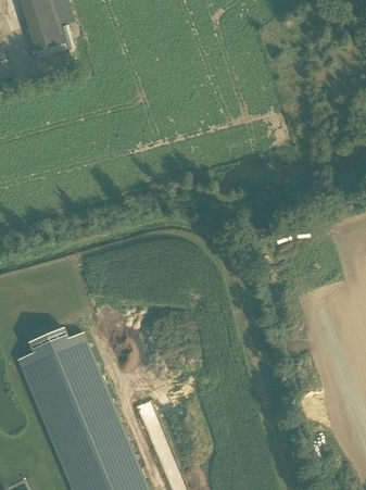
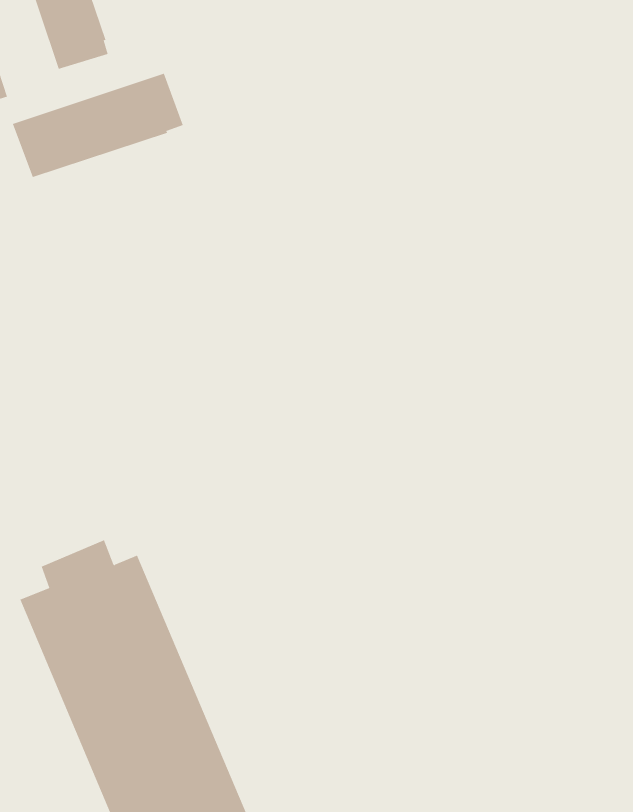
building: none -> [12,73,183,178]

